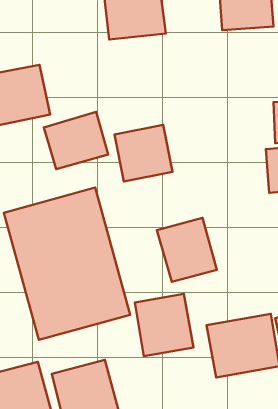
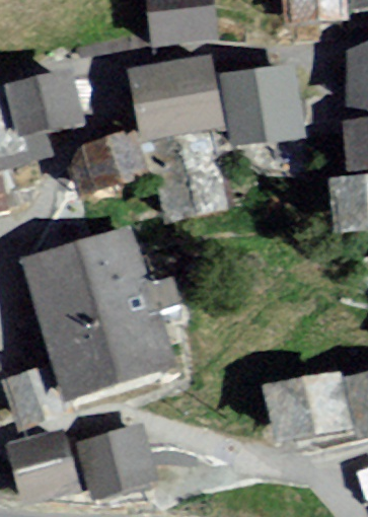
building: none -> [128,61,218,150]
building: none -> [225,61,305,148]
building: [157,218,217,282] -> none
building: [135,294,194,356] -> none

